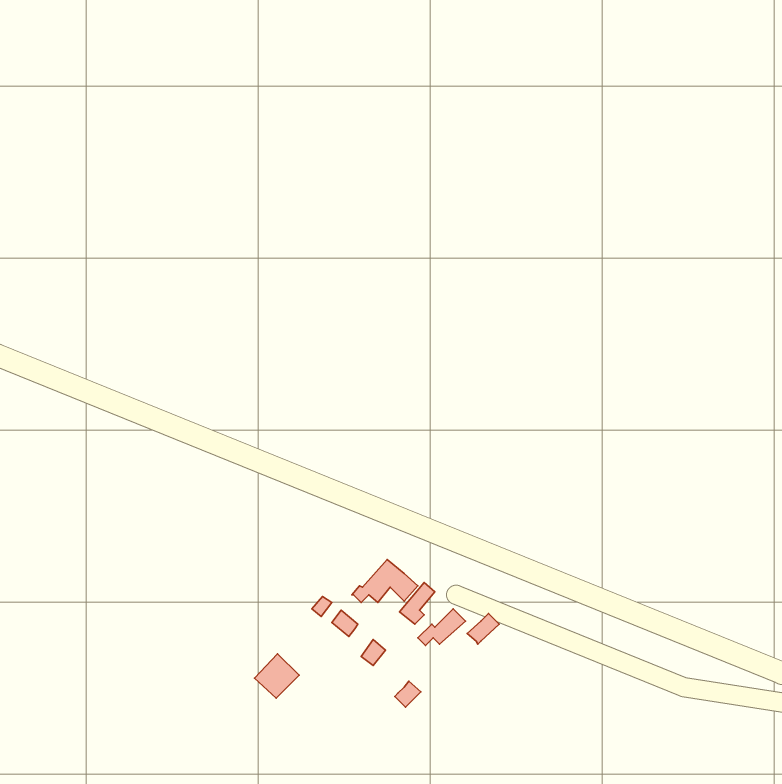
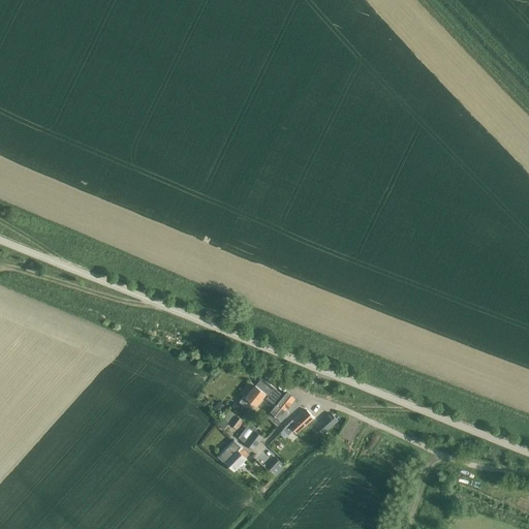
building: [255,654,299,698] -> [217,439,247,469]

